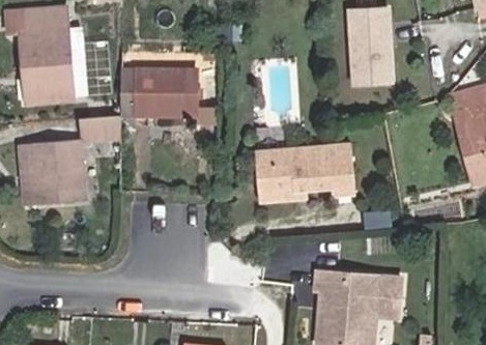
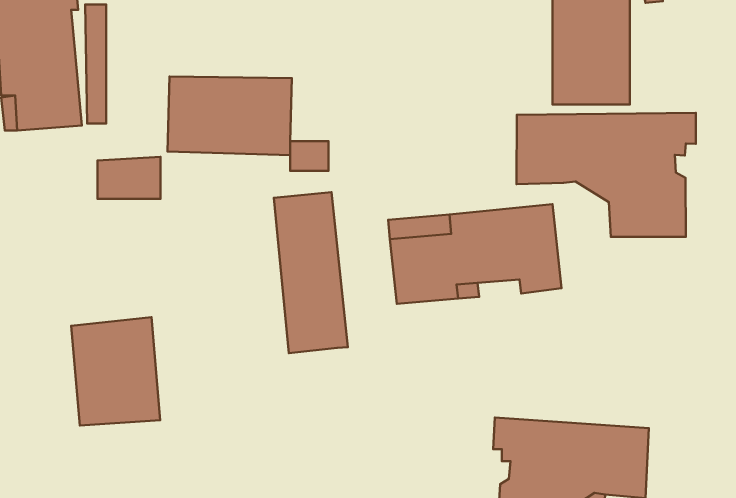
building: none -> [517,113,696,237]
building: none -> [274,192,348,353]
building: [29,139,82,203] -> [71,317,160,425]

